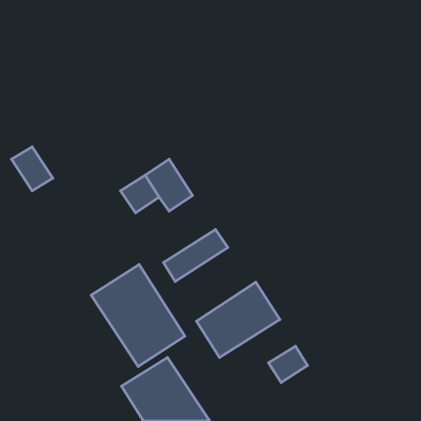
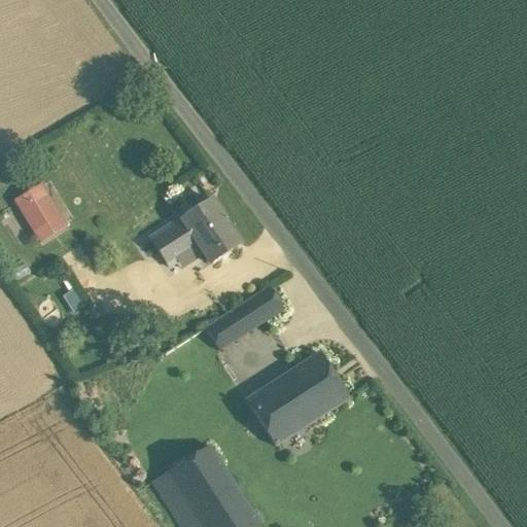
building: [91,264,185,366] -> none
building: [269,346,307,382] -> none

